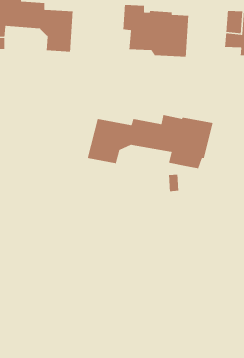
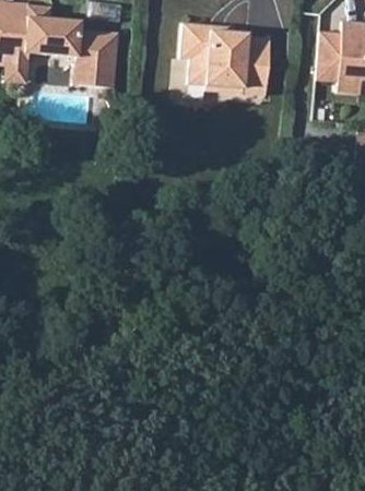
building: [87,114,214,169] -> none

